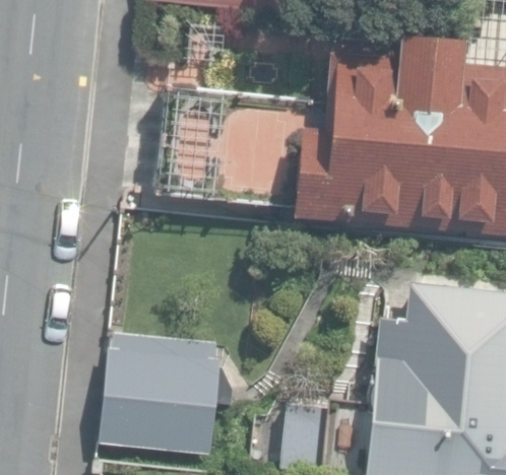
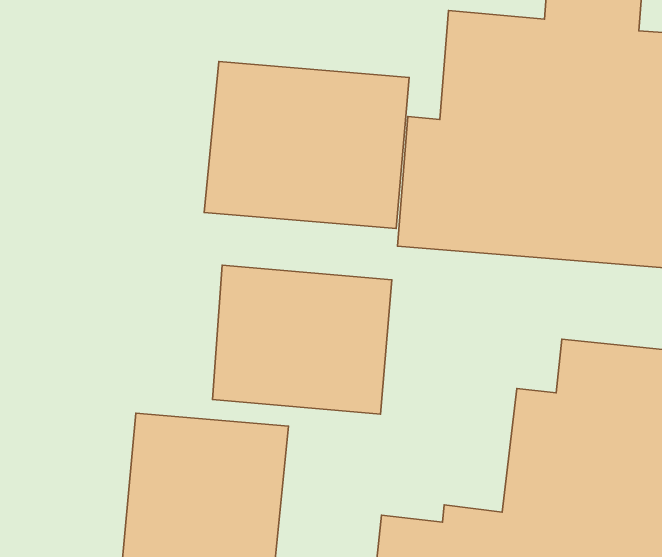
building: none -> [213,265,392,414]

